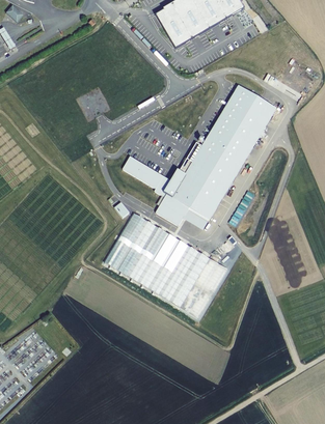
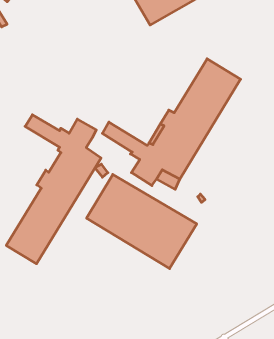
building: none -> [6,115,101,264]

